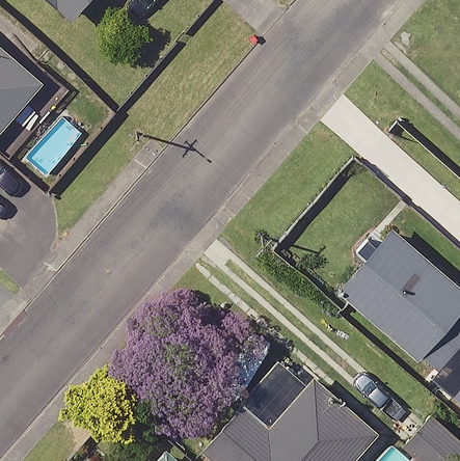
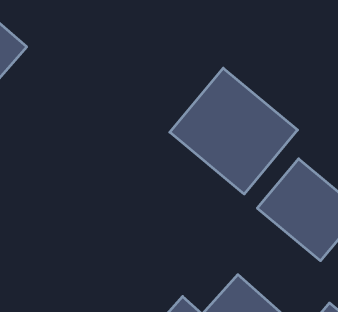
building: none -> [170,68,298,194]

